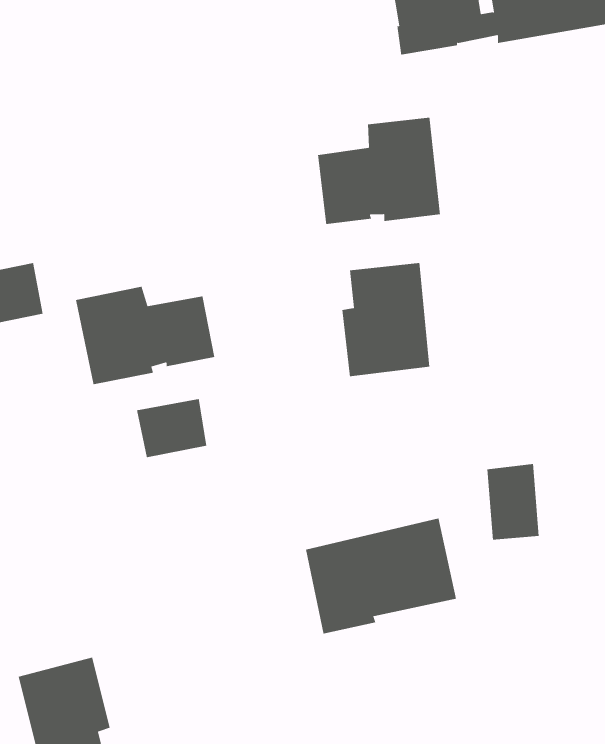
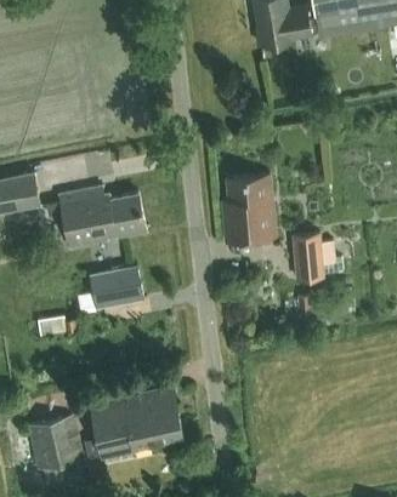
building: [317,117,440,225] -> none
building: [486,463,540,540] -> [293,234,325,281]
building: [305,518,457,634] -> [91,388,185,459]

